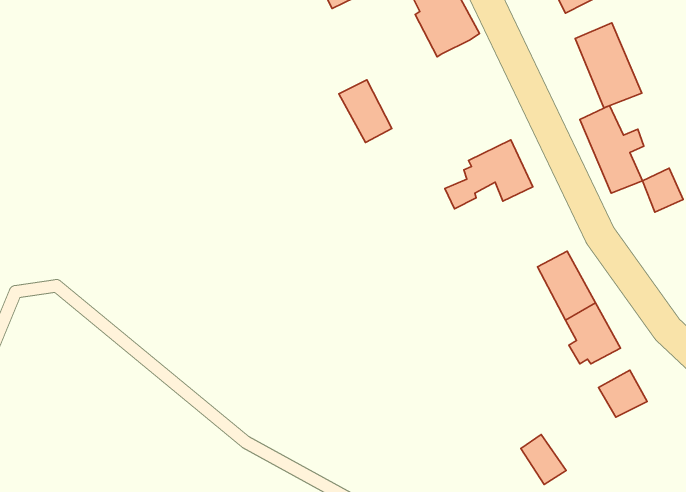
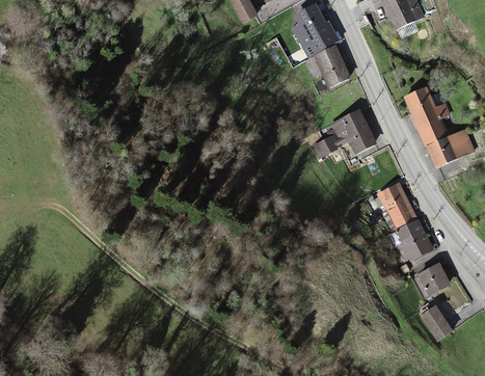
building: [575,23,642,108] -> none
building: [339,80,392,143] -> [314,44,349,85]
building: none -> [426,137,455,166]
building: [521,434,566,485] -> [421,305,451,339]

